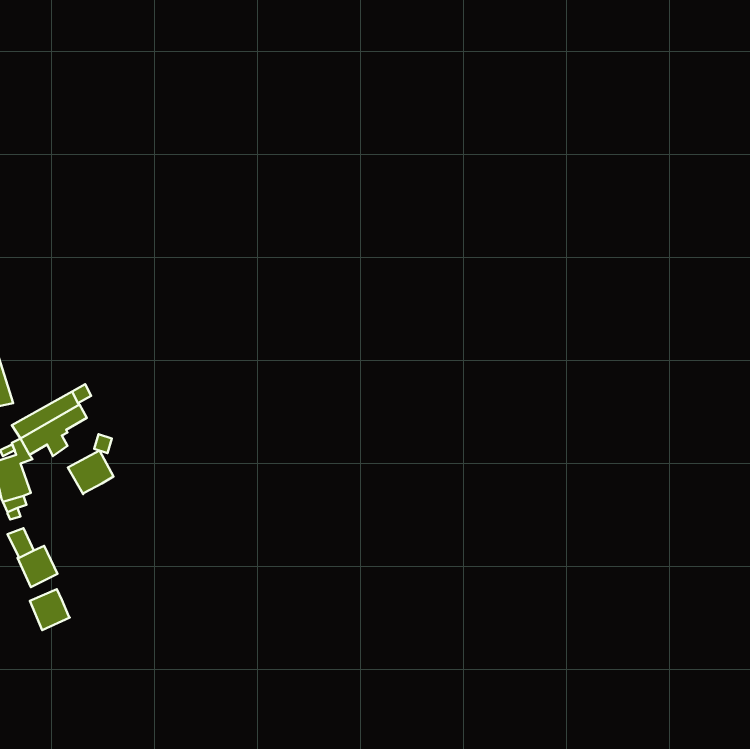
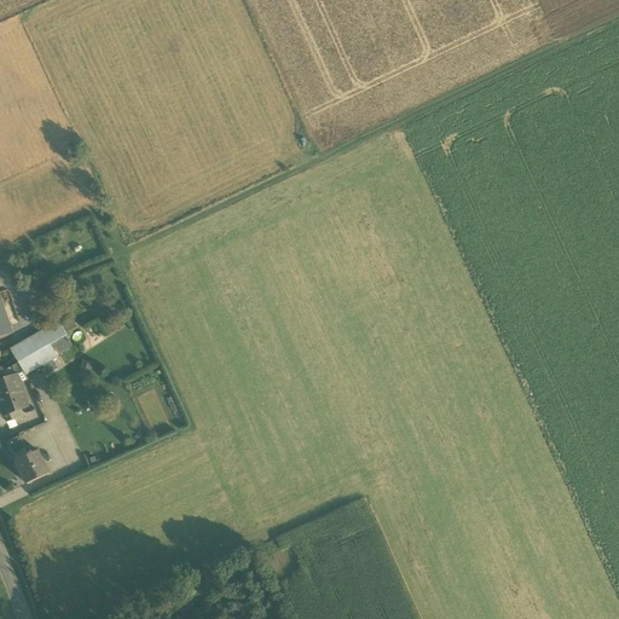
building: [68,451,114,494] -> none
building: [30,589,70,630] -> none

